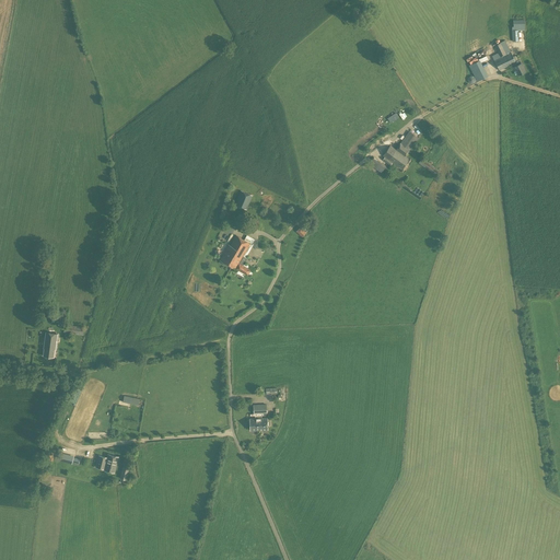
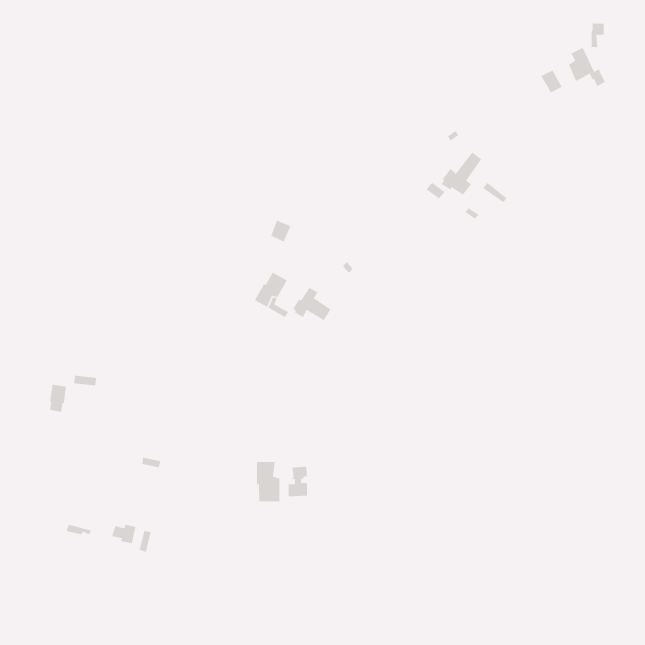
building: none -> [292,287,331,321]
building: none -> [256,461,280,502]

